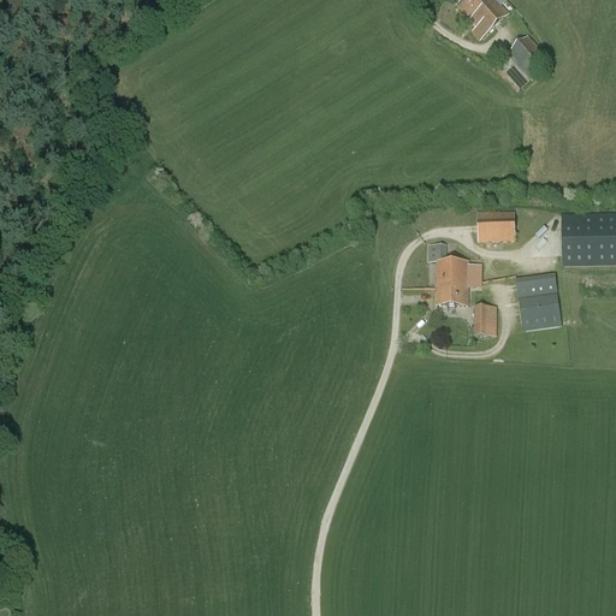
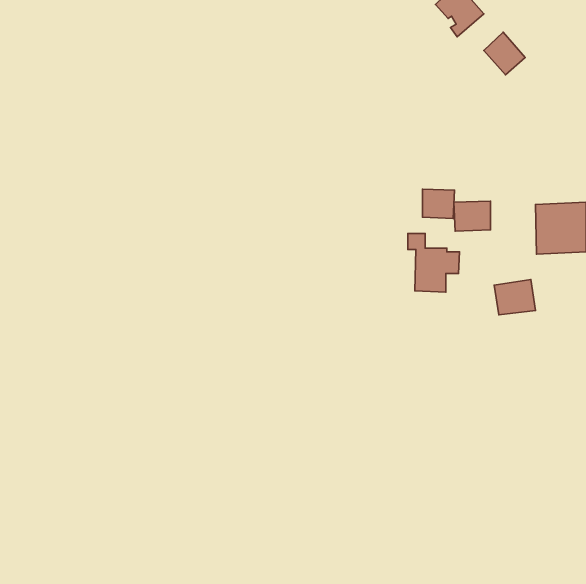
building: none -> [422,189,454,219]
building: [514,273,556,297] -> none
building: [473,306,496,336] -> none

